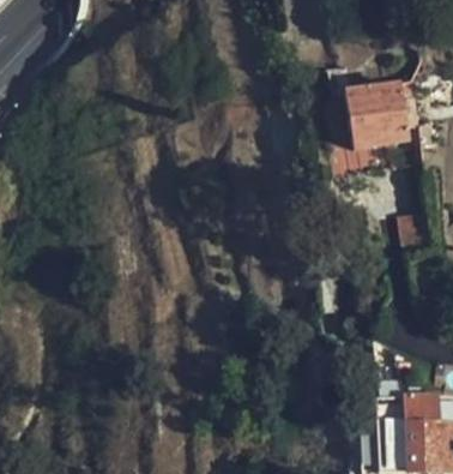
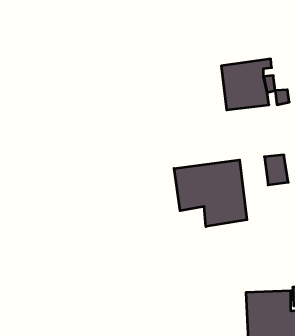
building: none -> [174,160,247,227]

